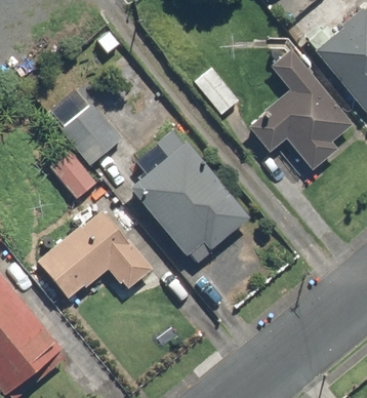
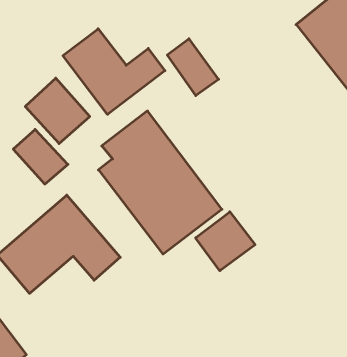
building: [254,48,353,173] -> none
building: none -> [63,29,165,114]
building: none -> [196,212,255,271]

